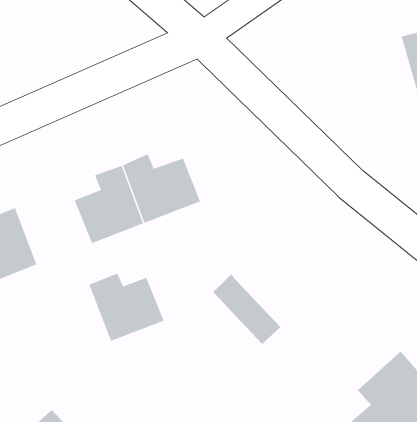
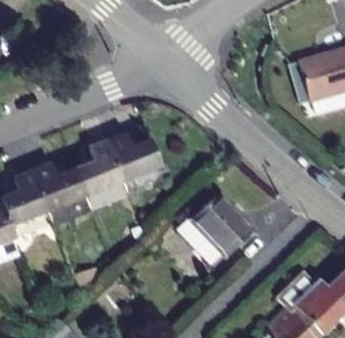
building: none -> [191,195,254,258]
building: [89,273,164,341] -> [38,164,91,212]

